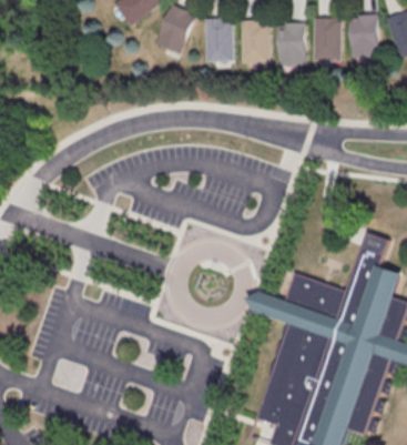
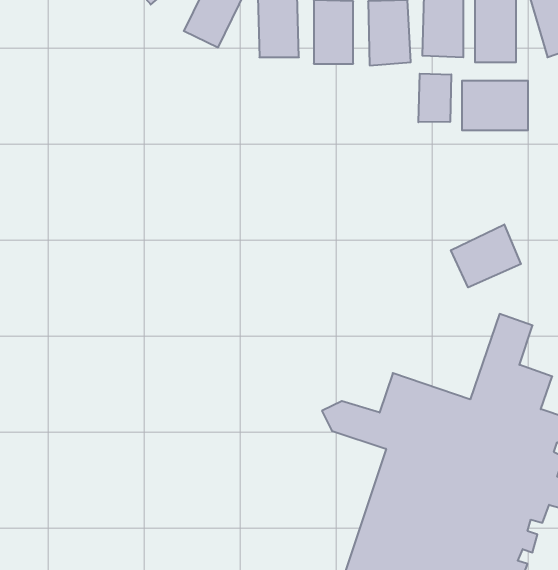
building: none -> [418,74,451,122]
building: none -> [462,81,528,130]
building: none -> [451,224,521,287]

